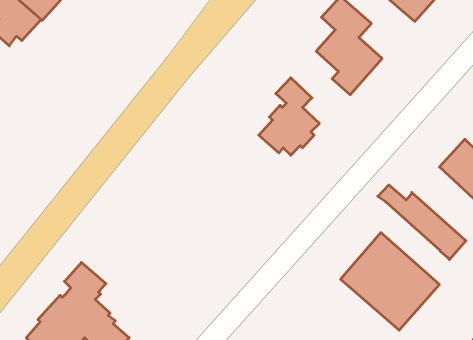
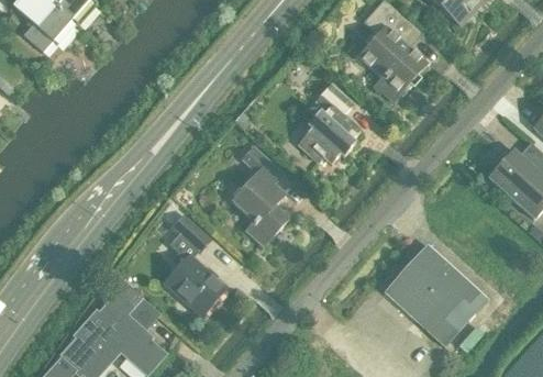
building: none -> [234,146,290,246]
building: [378,185,466,260] -> none
building: none -> [168,215,229,314]

